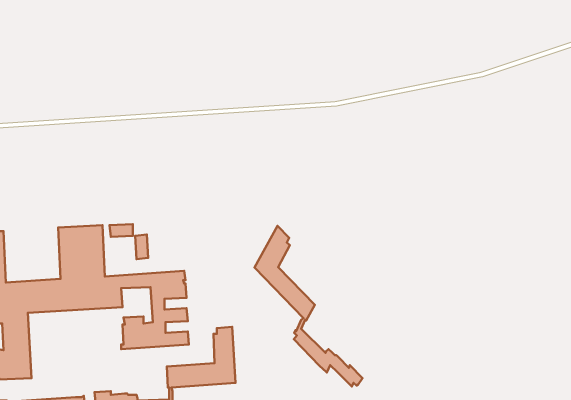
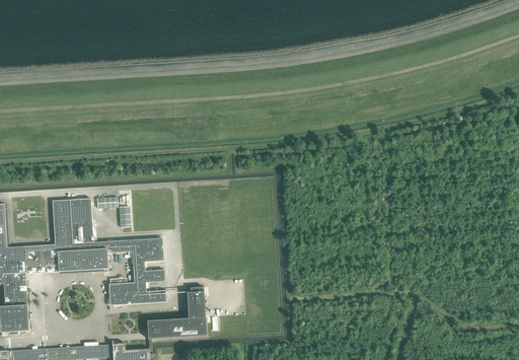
building: [255,226,362,387] -> none

